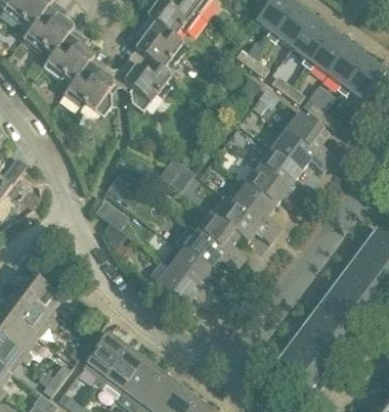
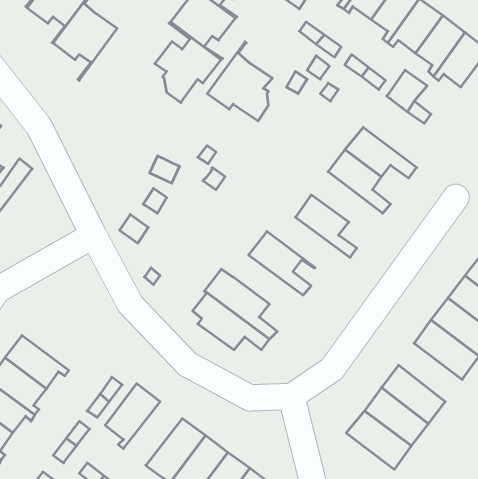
building: [63,53,115,116] -> [207,42,272,121]
building: [287,112,335,163] -> none
building: [246,166,302,205] -> none
building: [211,195,276,241] -> none
building: [175,225,240,271] -> none
building: [18,276,64,322] -> none
building: [314,301,364,347] -> none
building: [98,347,144,397] -> none

